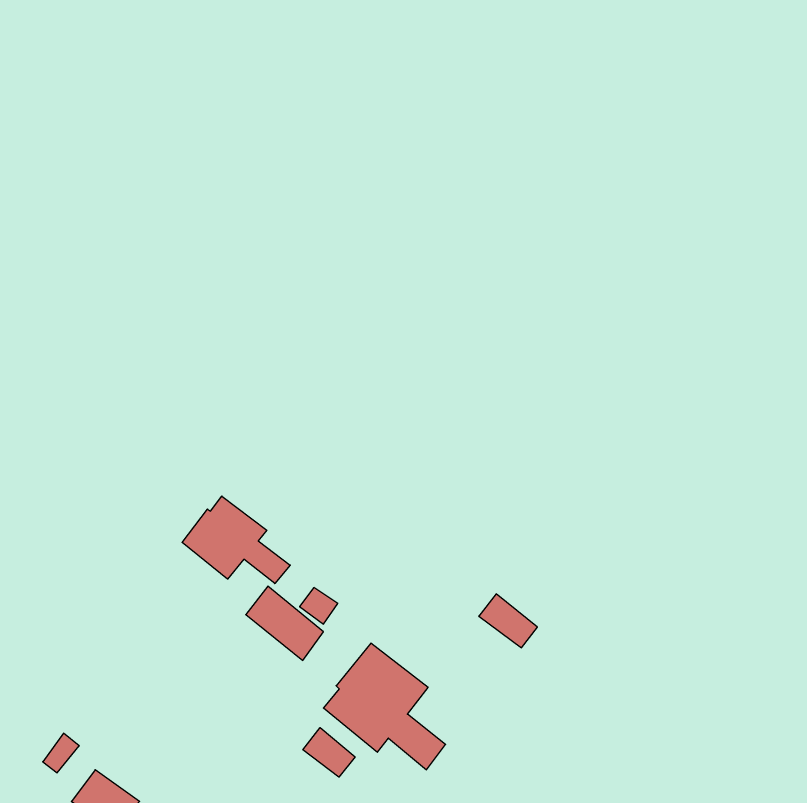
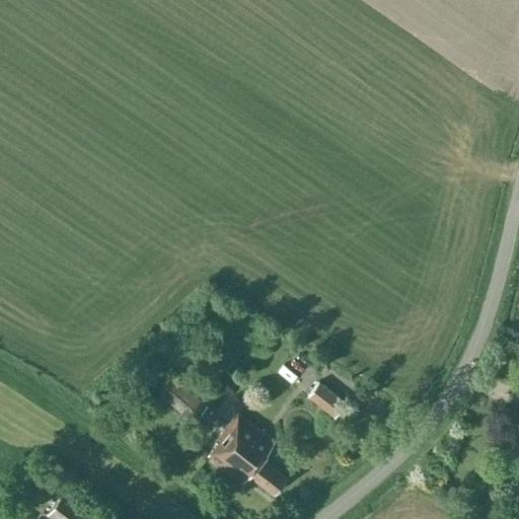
building: [182,496,290,584] -> none
building: [303,728,355,777] -> none

